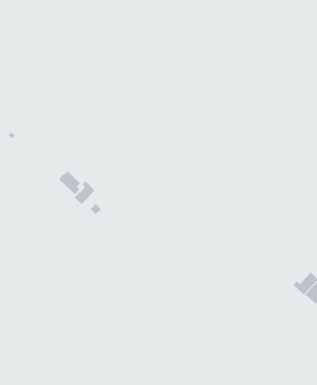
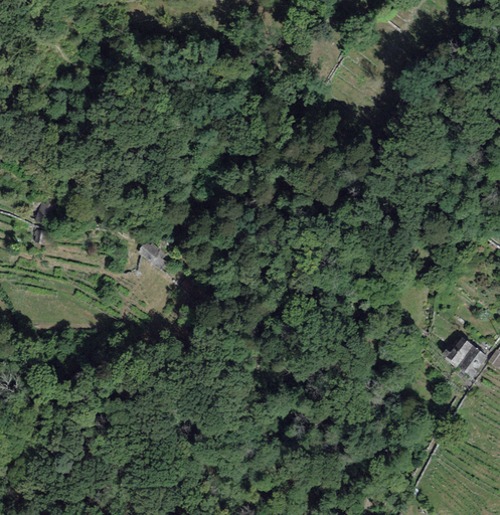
building: [74,180,95,205] -> none

